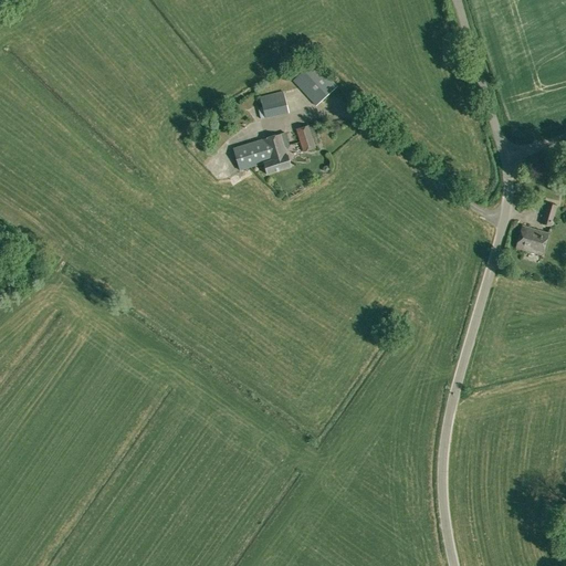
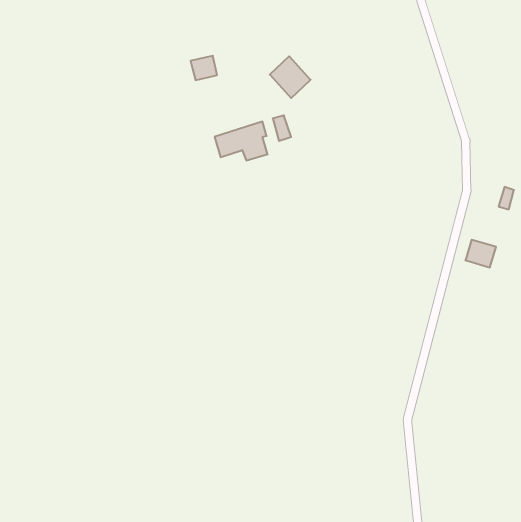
building: [259,92,287,118] -> [191,56,217,80]
building: [514,226,547,255] -> [465,240,496,267]

